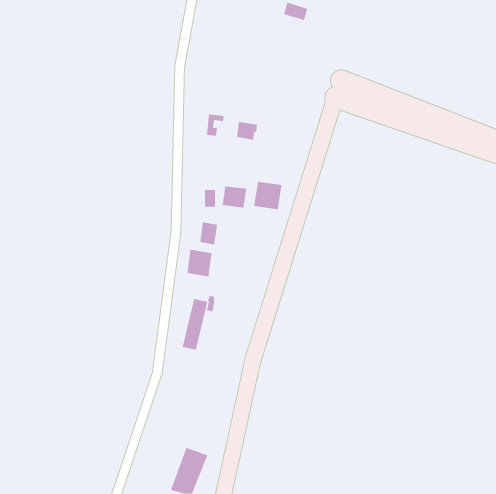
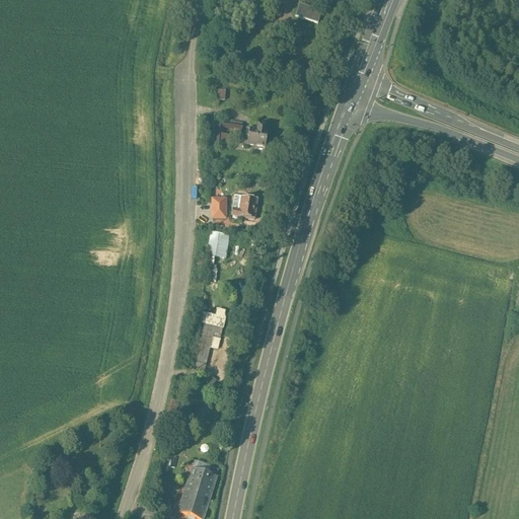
building: [253,181,282,210] -> none
building: [187,249,212,277] -> none

